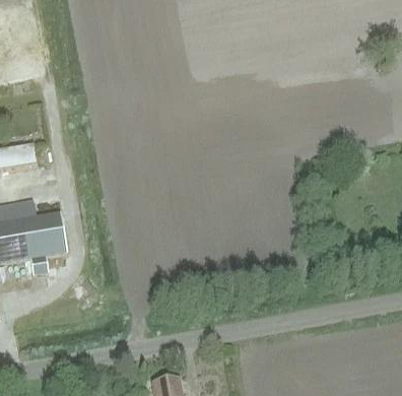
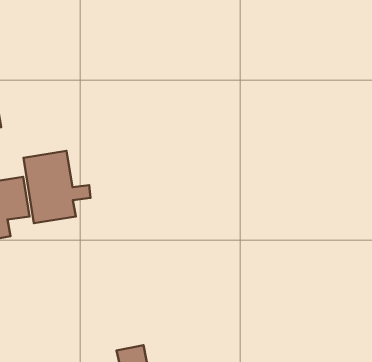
building: none -> [24,151,91,223]

